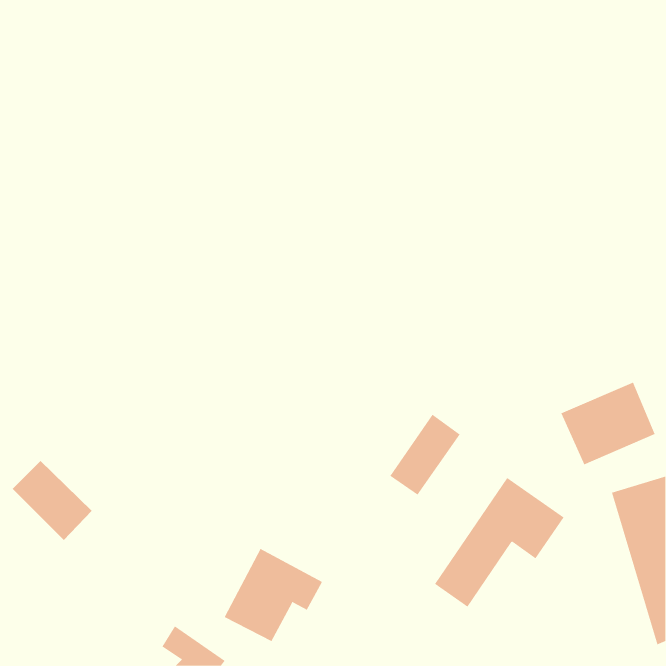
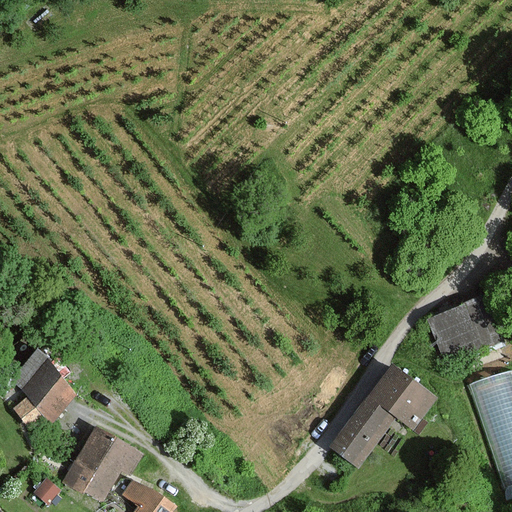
building: [390,414,461,495] -> none
building: [224,548,323,642] -> [66,429,142,501]

